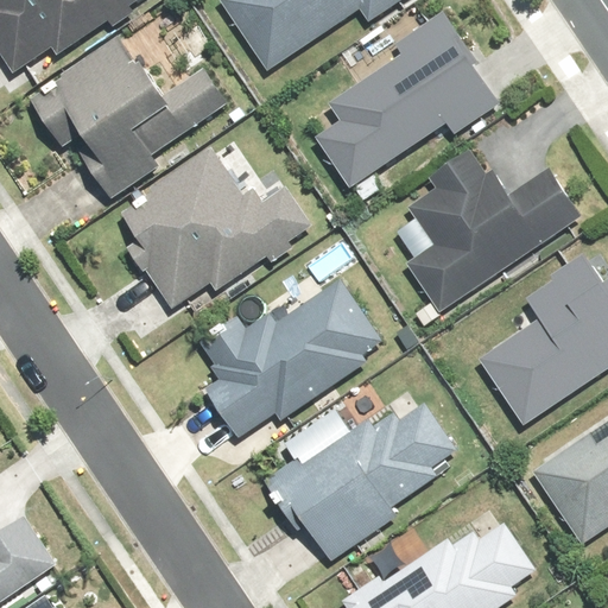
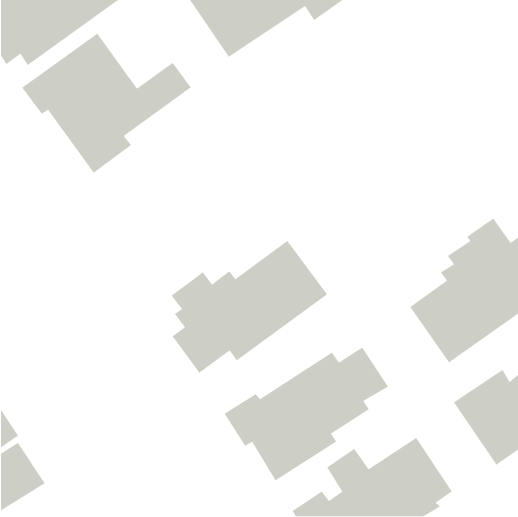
building: [310,14,502,207] -> none
building: [113,148,312,309] -> none
building: [401,150,581,311] -> none

